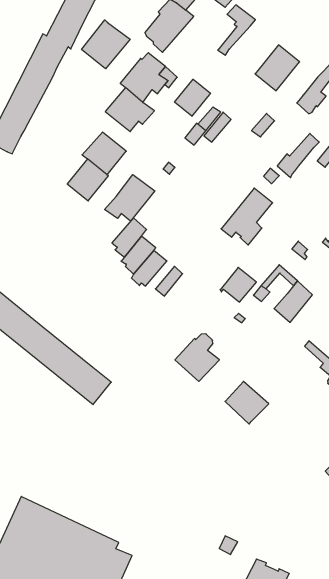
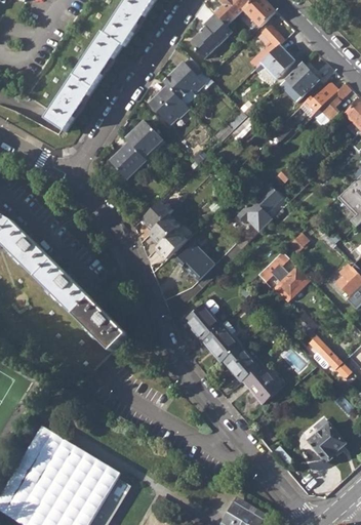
building: [82,20,130,69] -> none
building: none -> [259,45,294,79]
building: [175,79,210,116] -> none
building: [277,133,319,178] -> [299,82,337,118]
building: [105,175,155,221] -> none
building: [220,267,256,302] -> [182,250,213,280]
building: none -> [203,327,241,364]
building: none -> [244,367,282,405]

